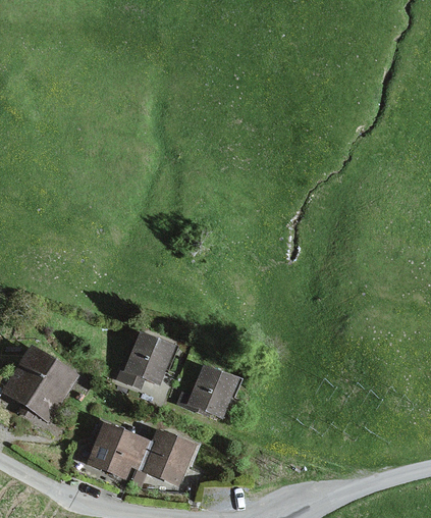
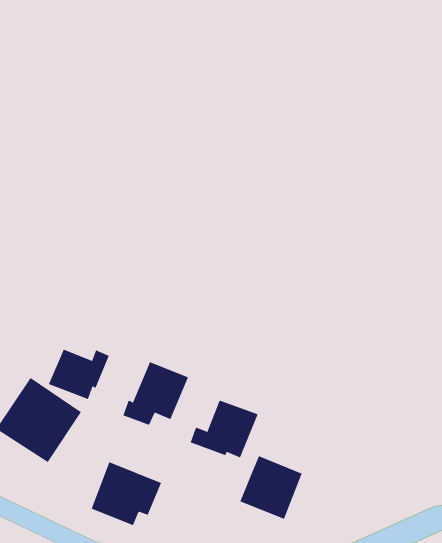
building: none -> [48,349,110,400]
building: [140,427,197,485] -> [239,455,302,520]

